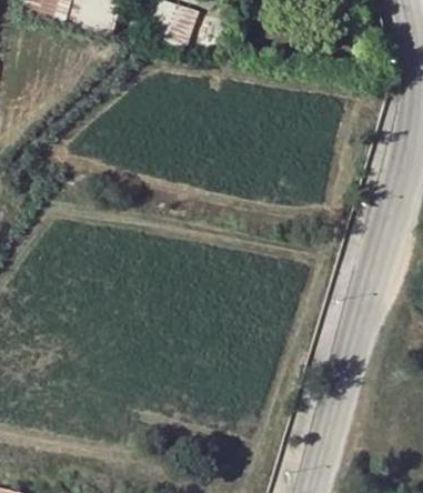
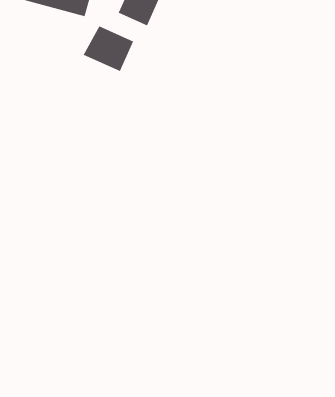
building: none -> [83,26,134,72]

